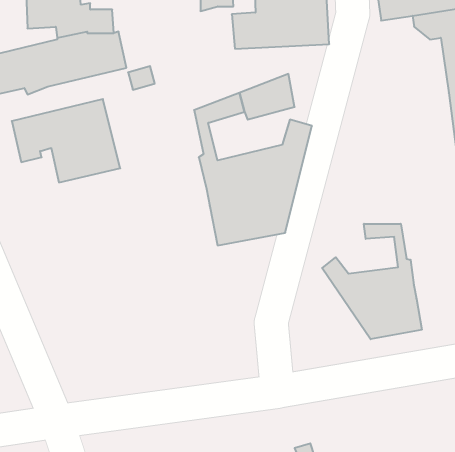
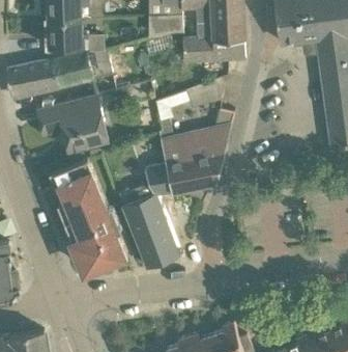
building: none -> [49,159,127,273]
building: none -> [121,166,179,268]
building: [322,224,422,339] -> none

